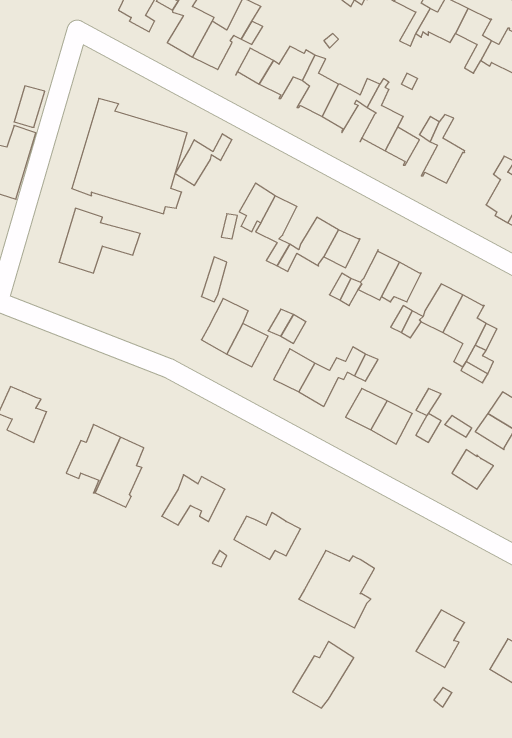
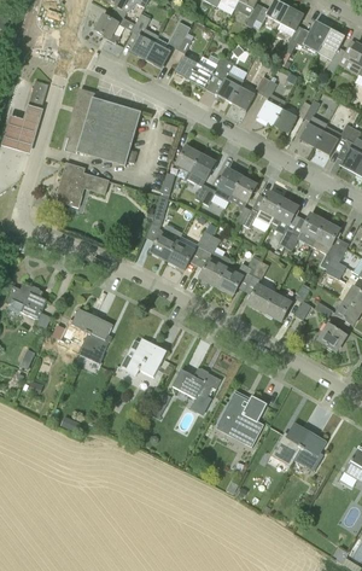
building: [175,134,232,186] -> none
building: none -> [315,122,354,156]
building: [293,641,354,708] -> [270,420,311,465]

